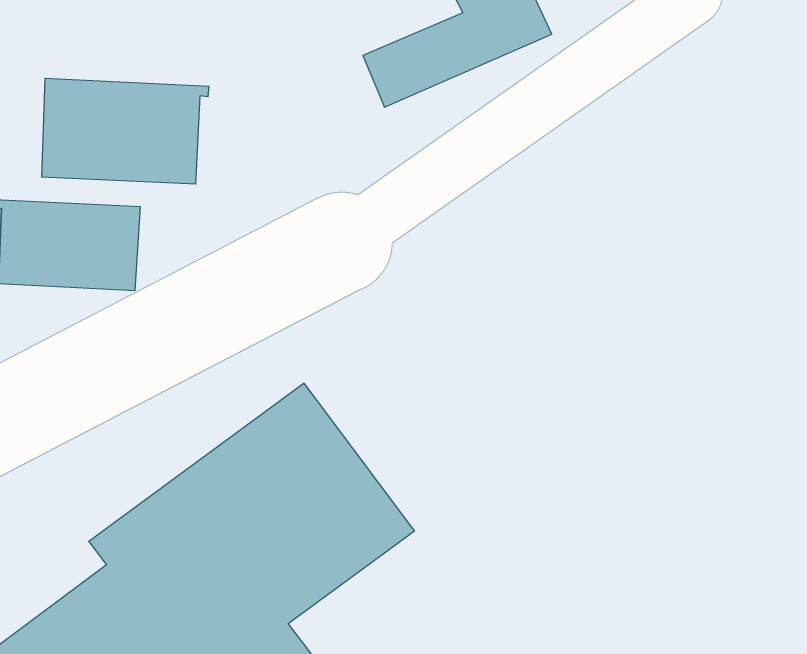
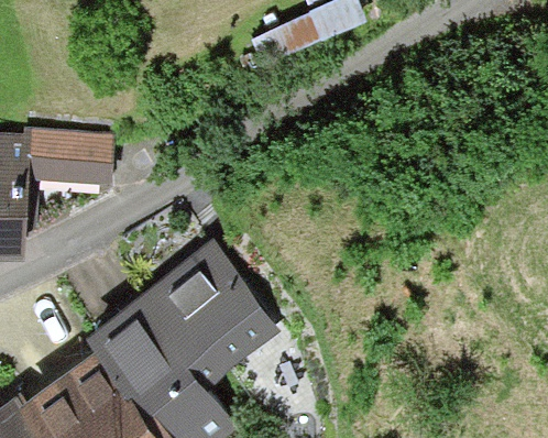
building: [42,78,209,184] -> none

